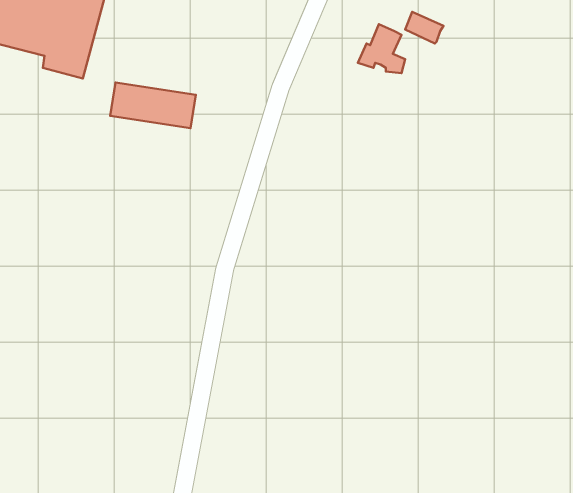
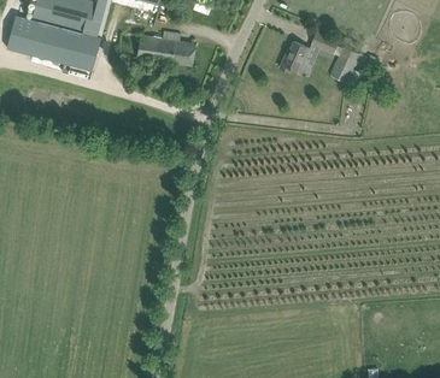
building: none -> [328,46,359,83]
building: [110,83,196,128] -> [136,35,195,66]

